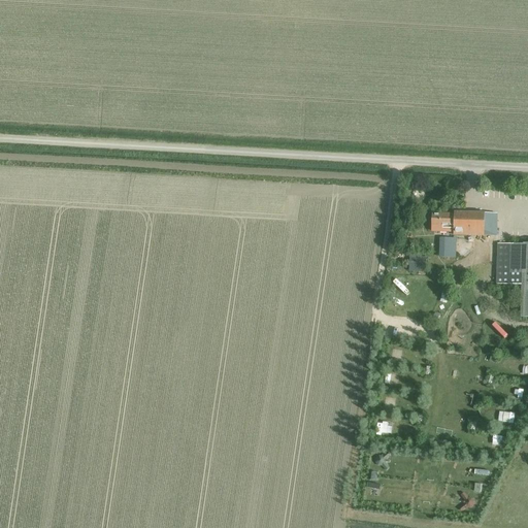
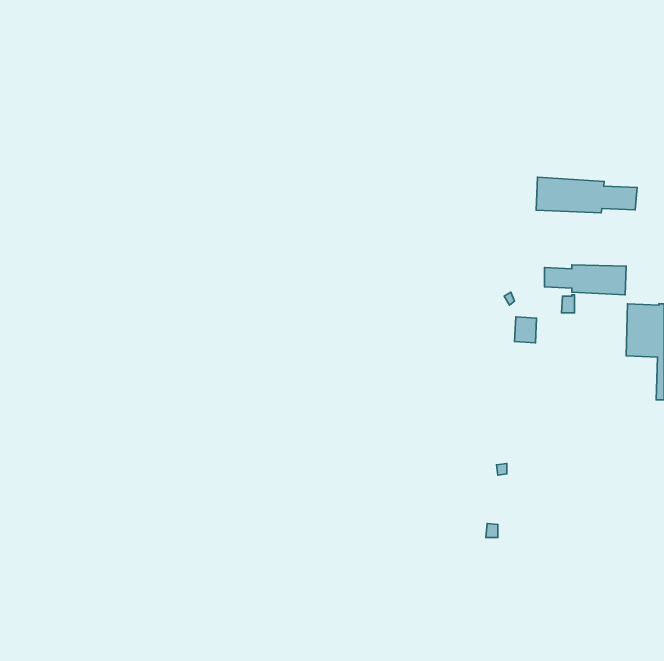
building: none -> [536,177,637,213]

